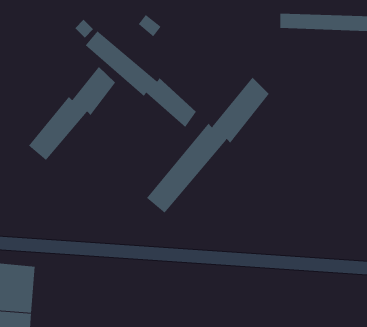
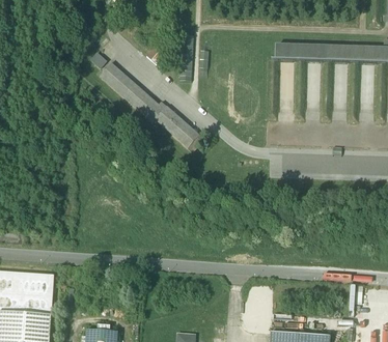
building: [28,66,116,161] -> none
building: [146,77,269,213] -> none

